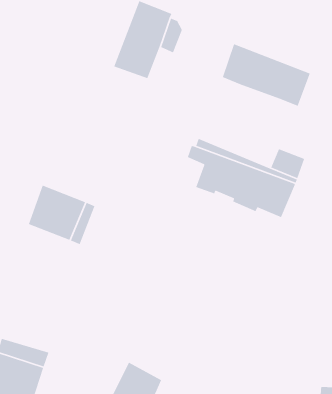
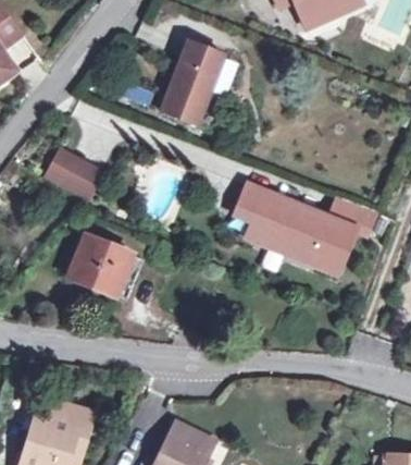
building: [222,43,311,107] -> none
building: none -> [50,152,102,196]

